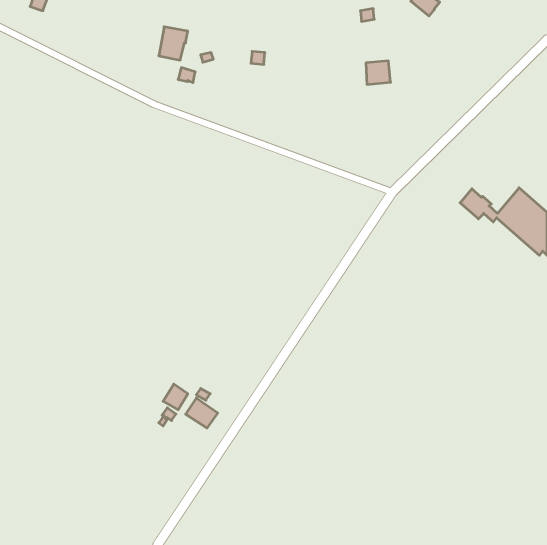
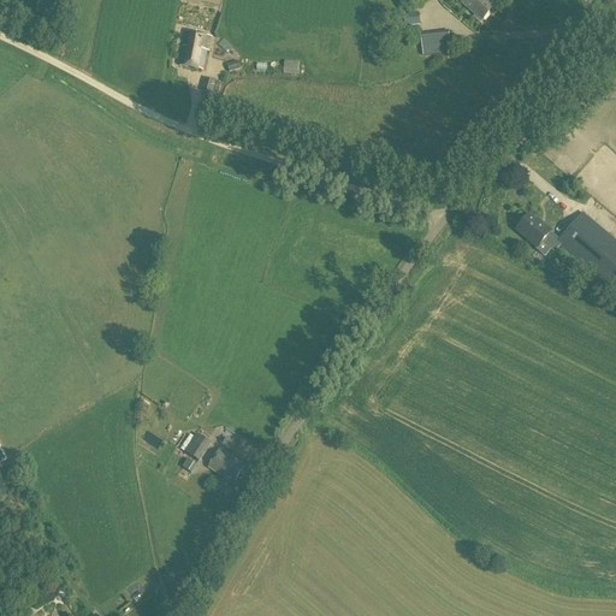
building: [366,61,391,84] -> [421,28,449,54]

